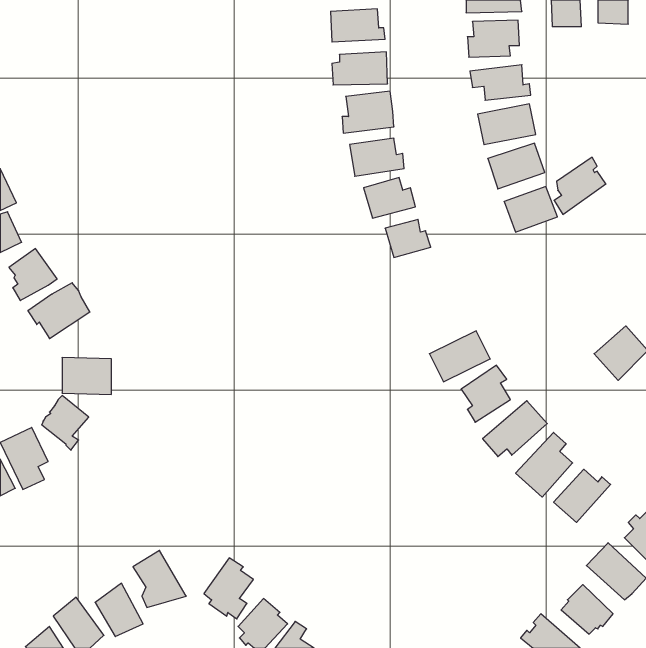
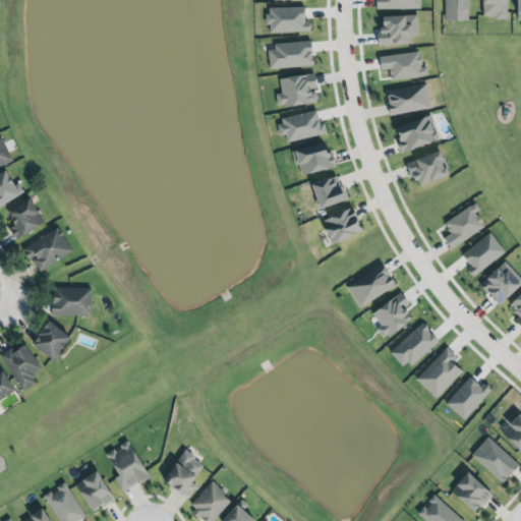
building: [554,157,606,214] -> [445,202,486,248]
building: none -> [322,208,360,243]
building: none -> [461,232,505,278]

